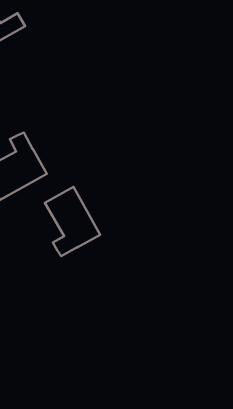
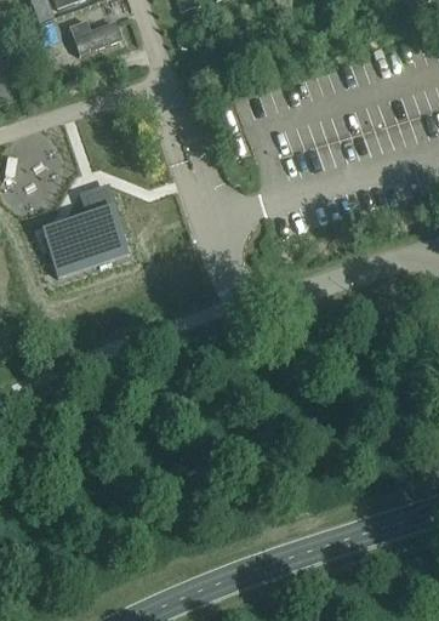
building: [45,187,100,256] -> none

